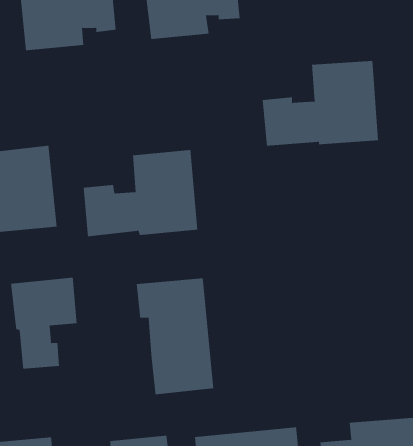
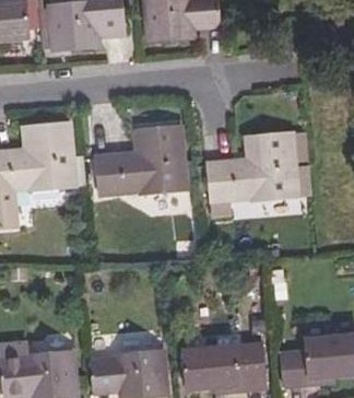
building: [262,60,379,146] -> [208,134,298,201]
building: [10,277,77,370] -> none
building: [136,277,214,395] -> none

